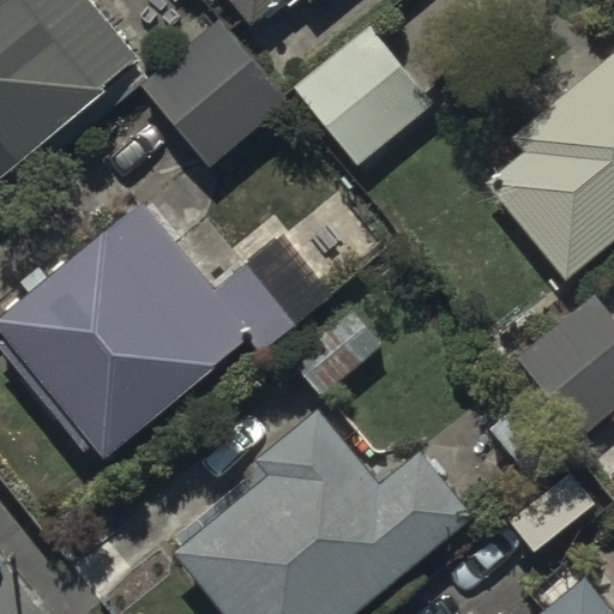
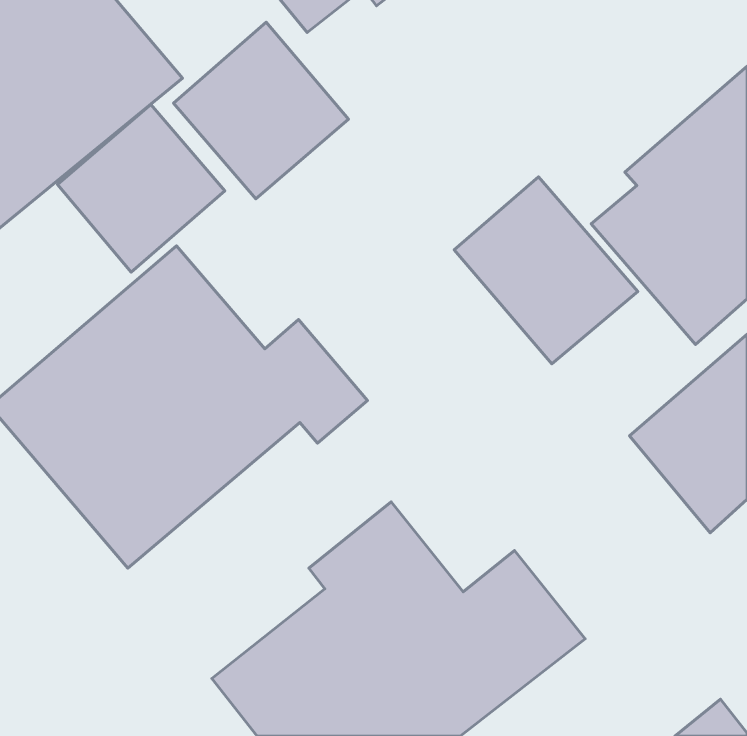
building: [291,24,433,163] -> none
building: none -> [57,105,225,272]
building: none -> [454,177,638,364]

